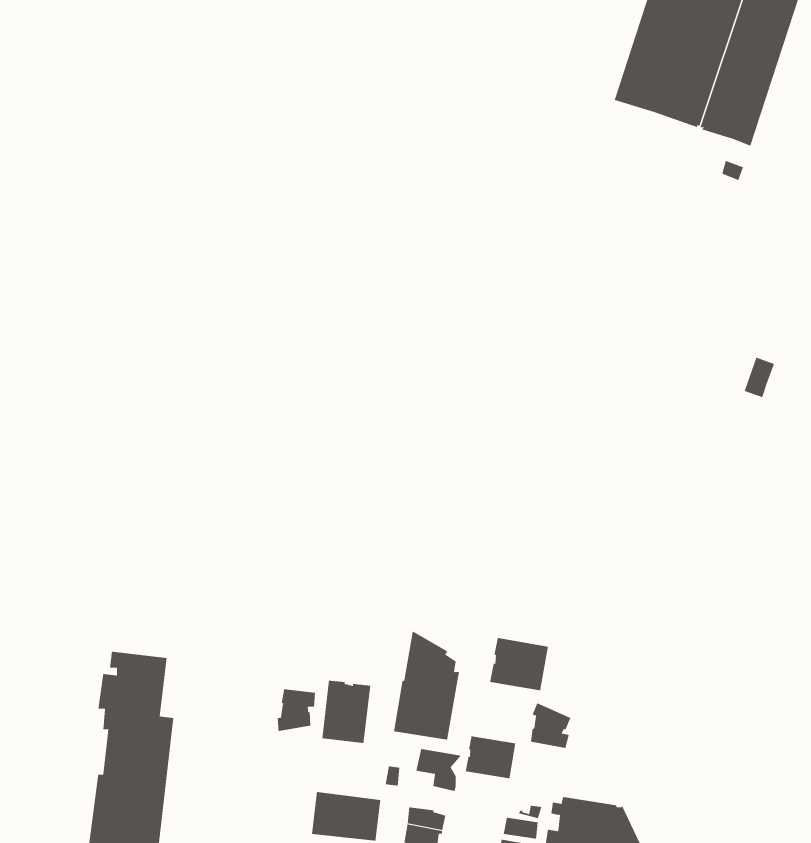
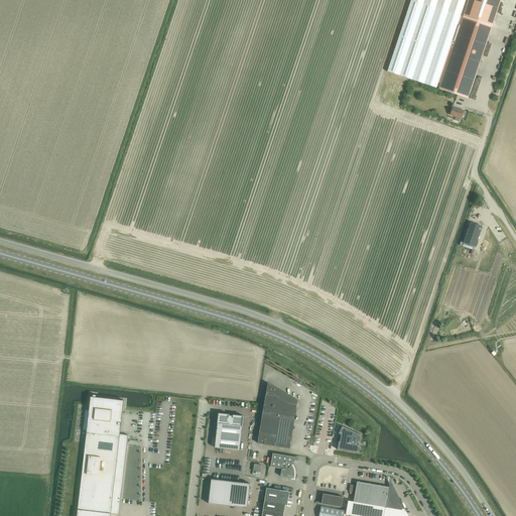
building: [490,637,548,691] -> none
building: [277,689,316,732] -> none
building: [465,735,516,779] -> none

